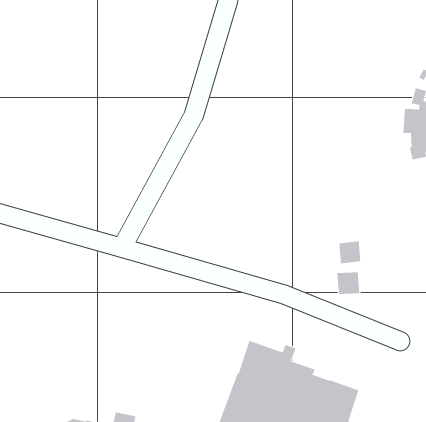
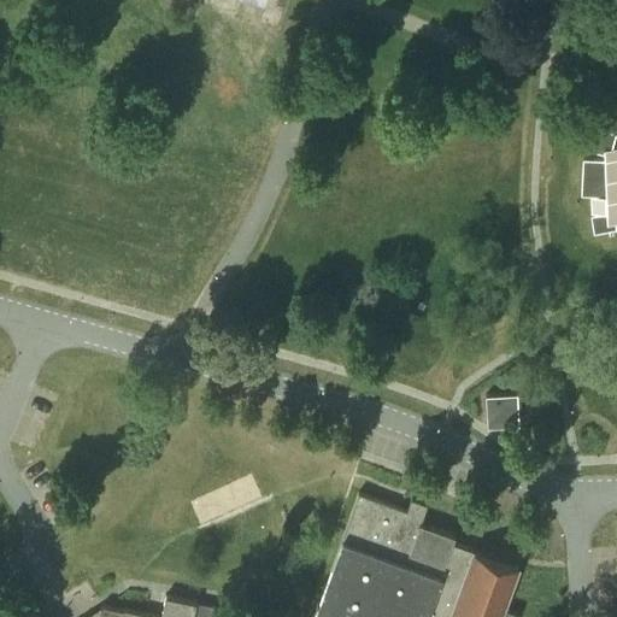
building: [339,241,361,264] -> none

